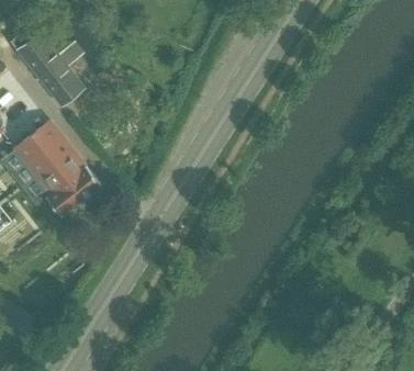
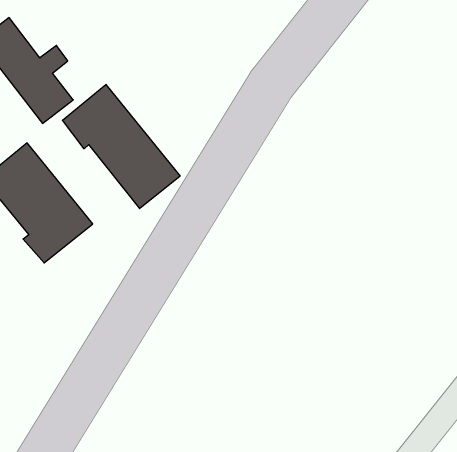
building: none -> [62,84,180,209]

